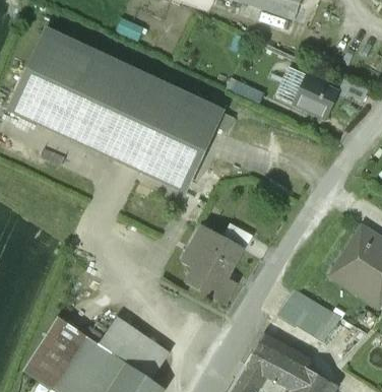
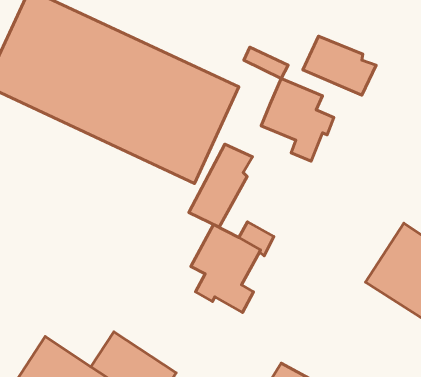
building: none -> [261,78,334,161]
building: none -> [189,144,253,227]
building: [275,289,340,344] -> none

